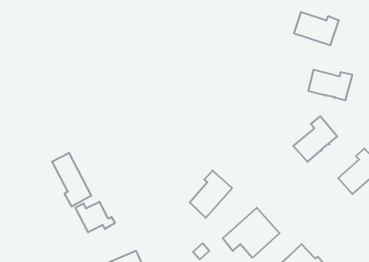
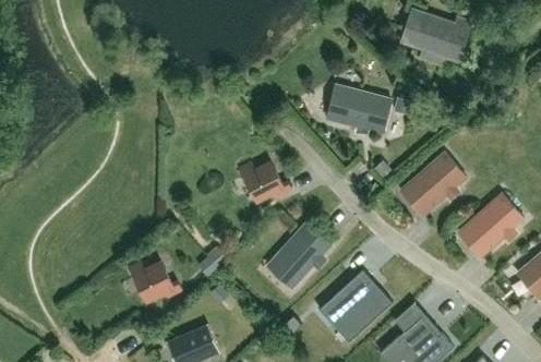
building: [308,70,352,100] -> [333,93,389,132]
building: none -> [238,162,289,202]
building: [52,153,91,207] -> none

